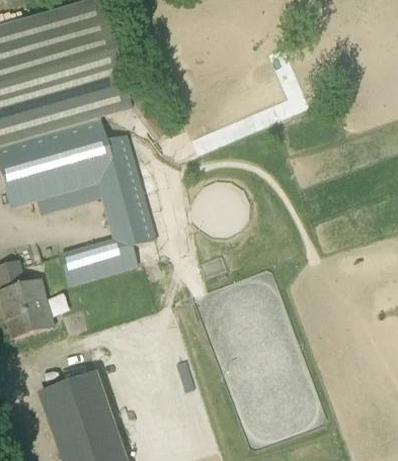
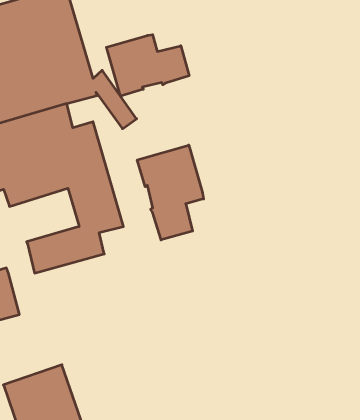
building: none -> [106,35,189,96]
building: none -> [137,145,204,240]

